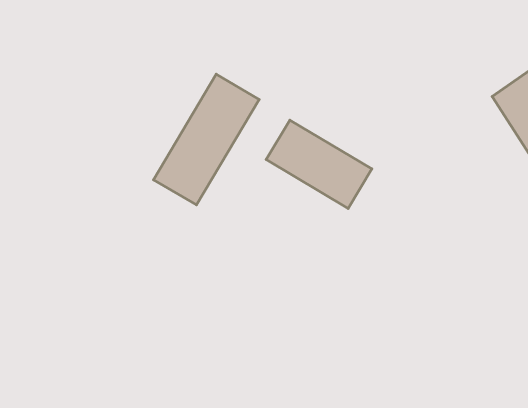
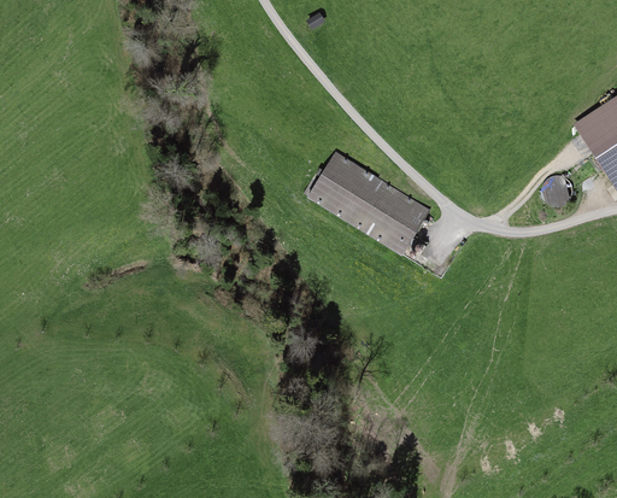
building: [153,74,259,205] -> none

